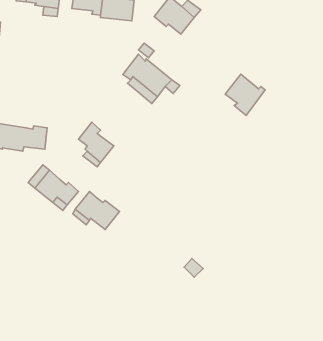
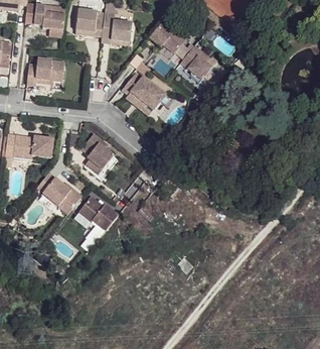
building: none -> [27,59,64,85]
building: [225,74,265,115] -> [180,44,216,82]

